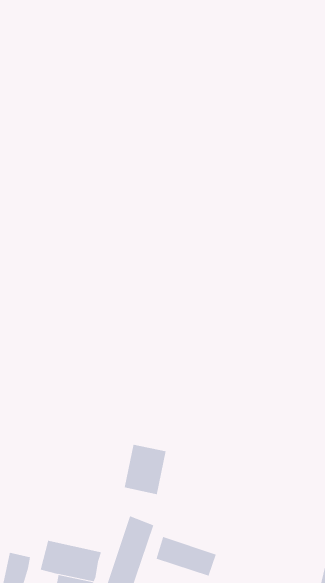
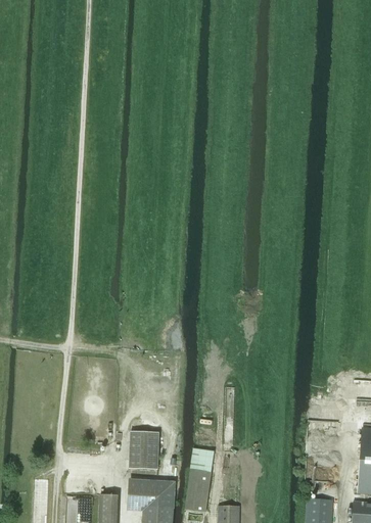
building: [124,444,167,495] -> [129,432,158,470]
building: [156,536,216,577] -> none

